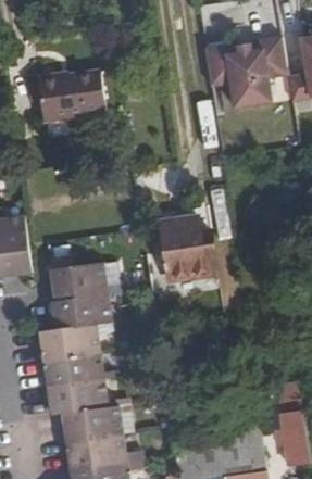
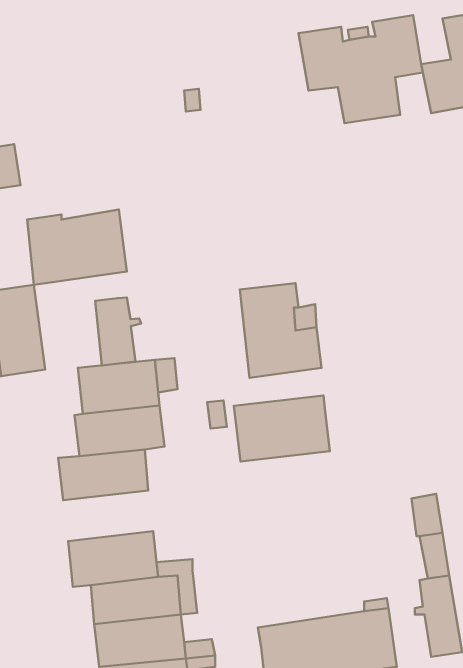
building: [41,68,108,118] -> [27,210,127,285]
building: none -> [95,297,141,365]
building: none -> [234,395,330,462]
building: [46,351,105,385] -> none

